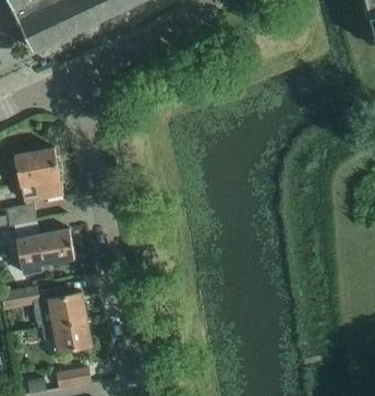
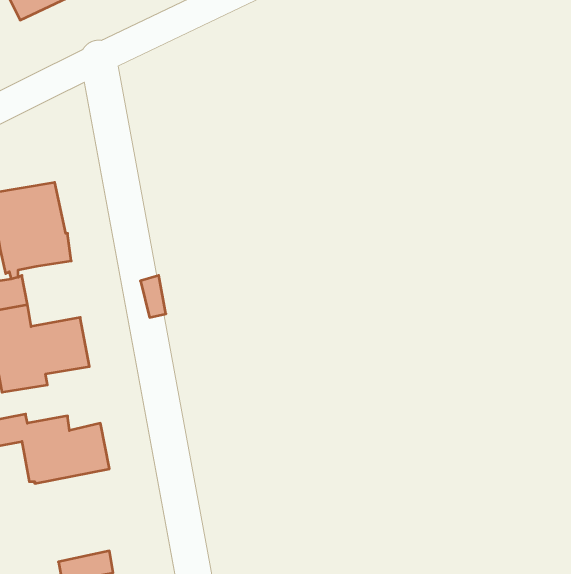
building: [41,320,92,351] -> none

